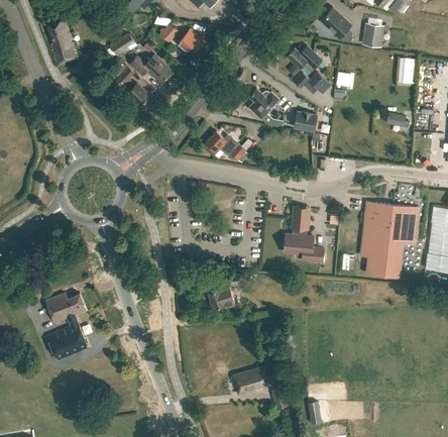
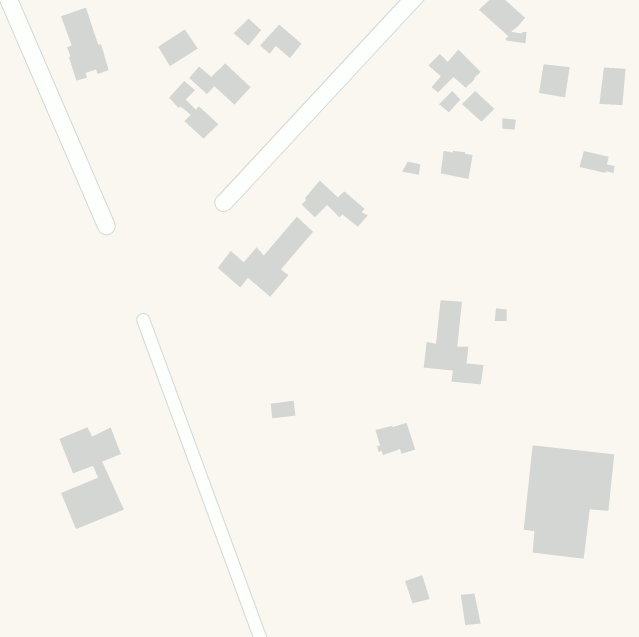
building: [362,23,383,45] -> [538,64,571,98]
building: [249,88,279,116] -> none
building: none -> [217,216,314,298]
building: [359,205,420,280] -> [523,445,615,559]
building: [208,286,235,308] -> [375,422,416,456]
building: [233,365,270,393] -> none

